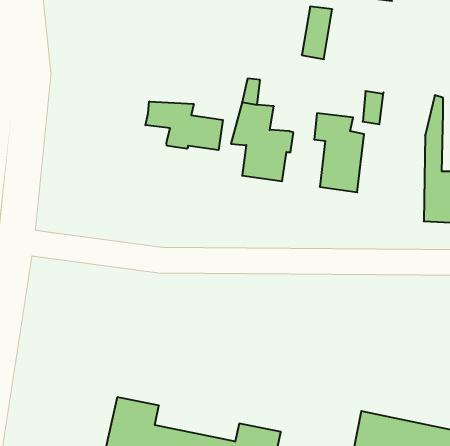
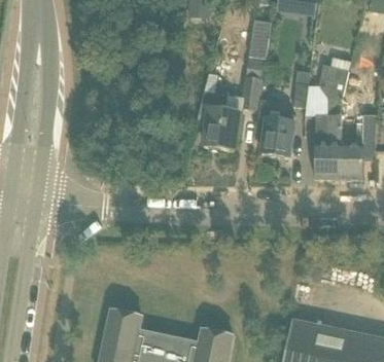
building: none -> [315,56,351,179]
building: none -> [241,75,263,109]
building: [145,101,223,150] -> none

